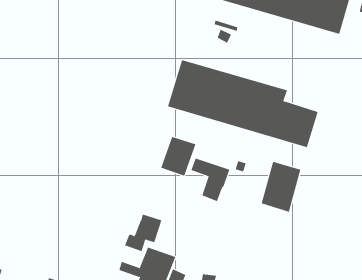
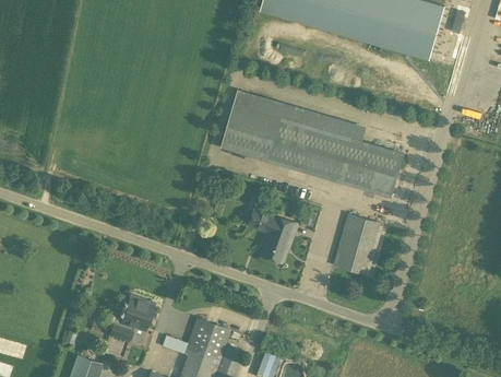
building: [161,136,196,177] -> none
building: [124,214,162,252] -> [107,297,153,343]

